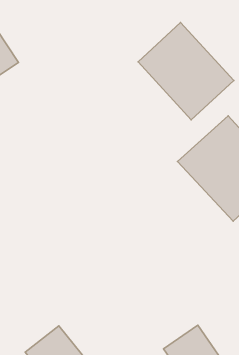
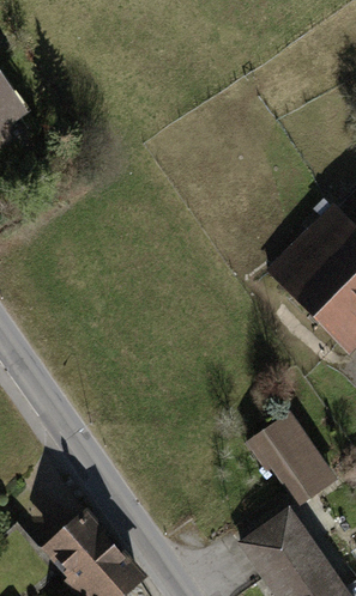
building: [138,22,234,120] -> none
building: none -> [248,412,337,506]

